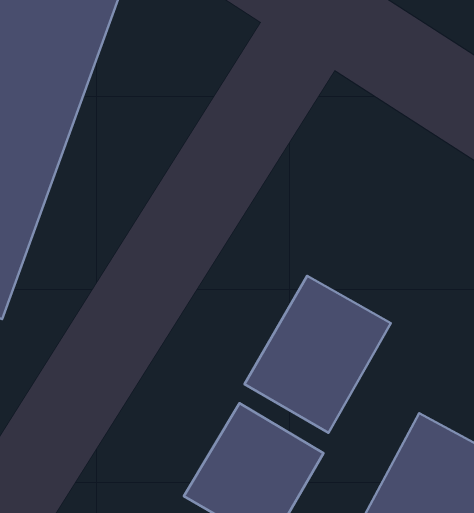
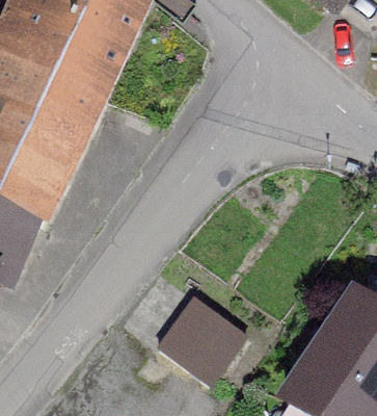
building: [244,276,391,433] -> none

